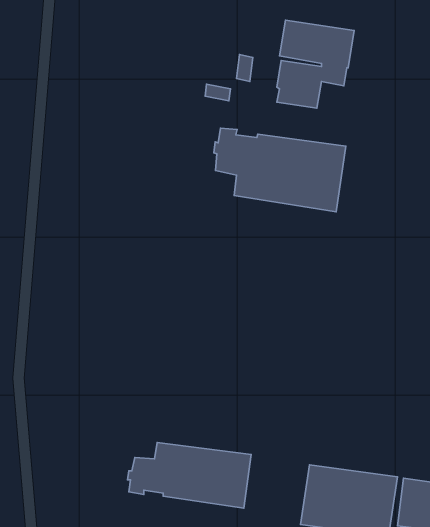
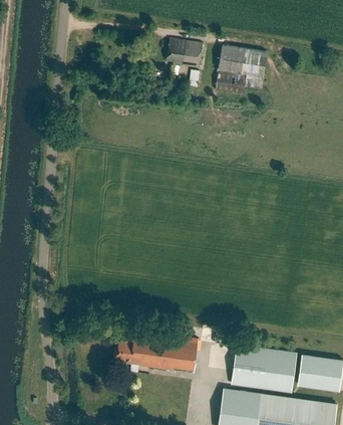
building: none -> [167,39,202,67]
building: [214,128,346,212] -> none

